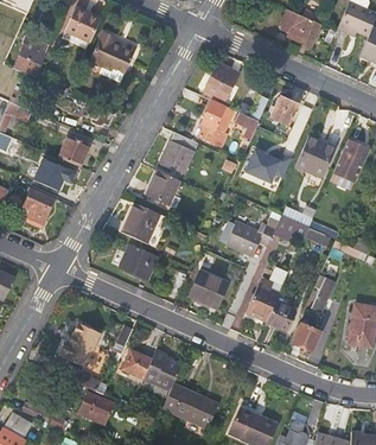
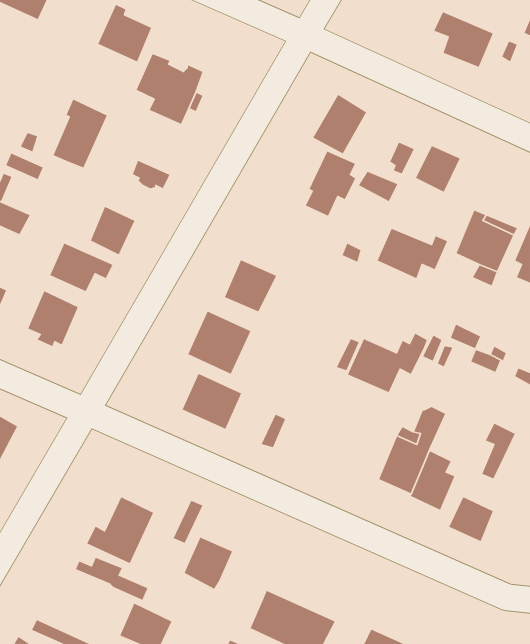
building: [13,32,49,77] -> [53,99,108,168]
building: [160,132,197,173] -> none
building: [189,271,228,310] -> none
building: [144,348,183,389] -> none

